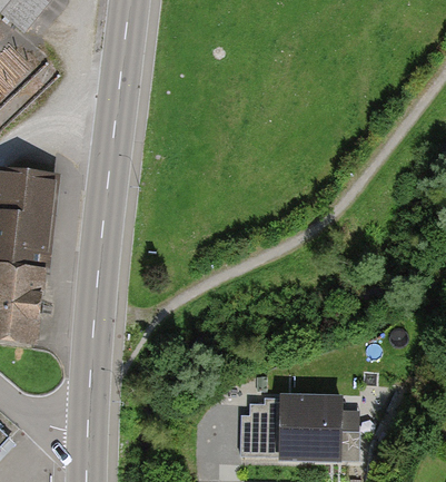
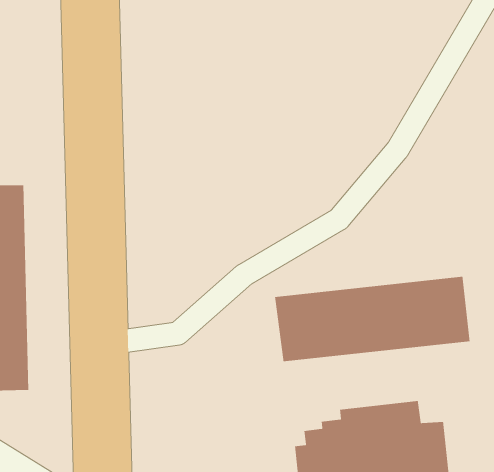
building: none -> [274,276,470,362]

